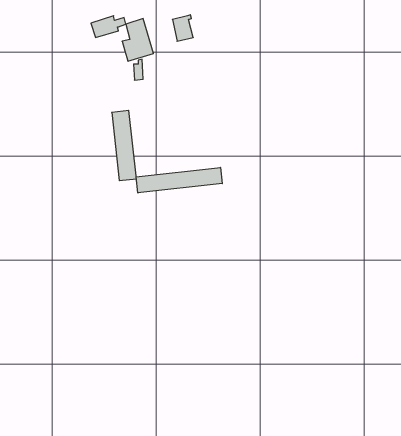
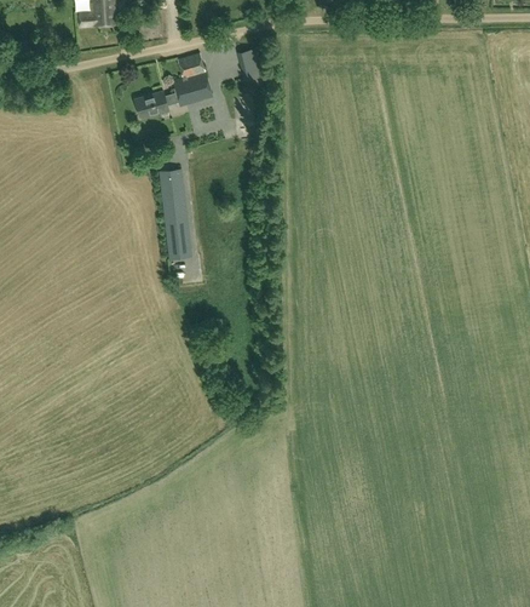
building: [91,16,126,37] -> [134,90,179,118]
building: [136,167,222,193] -> none

